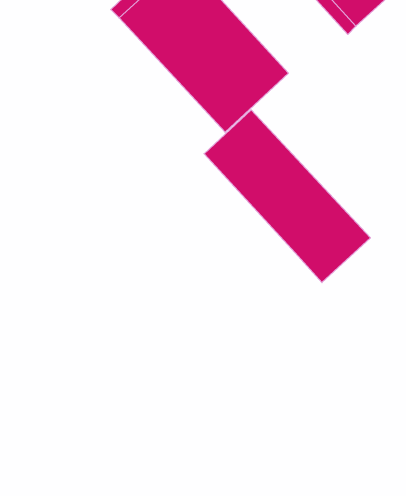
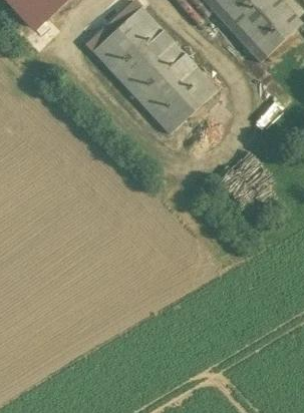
building: [204,110,370,283] -> none

